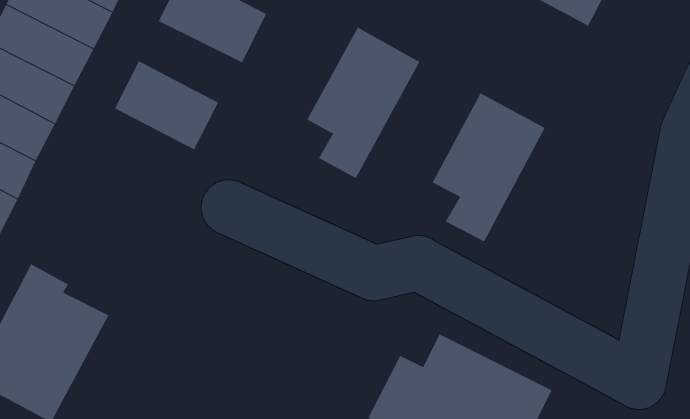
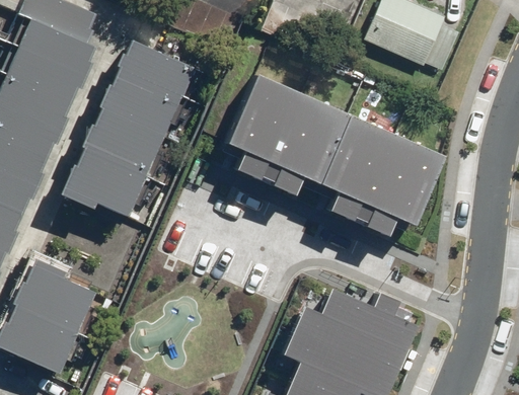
building: none -> [102,79,177,135]
building: none -> [265,95,350,196]
building: none -> [60,144,148,216]
building: none -> [360,138,444,236]

